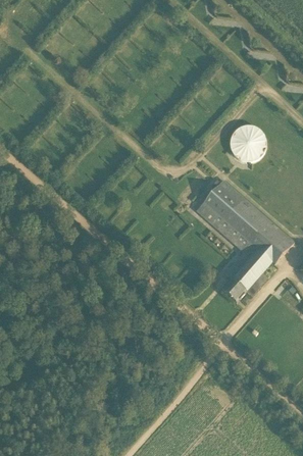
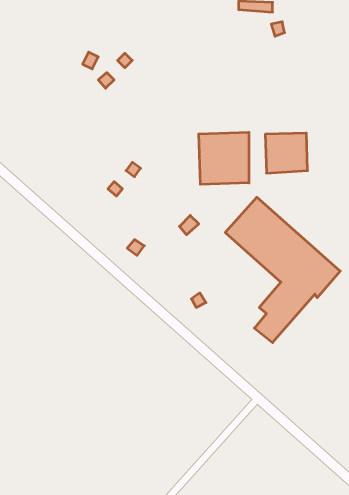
building: none -> [199,132,249,184]

